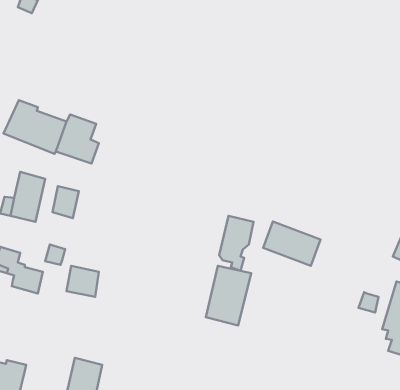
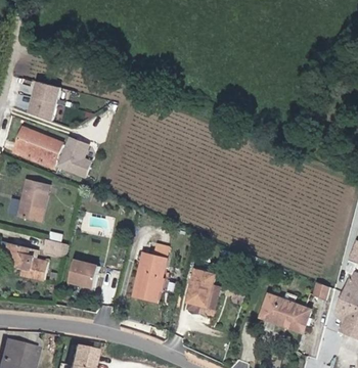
building: none -> [23,76,57,114]
building: [52,186,79,218] -> none
building: [219,216,254,271] -> [134,255,164,302]
building: [263,222,320,266] -> [261,296,310,334]

